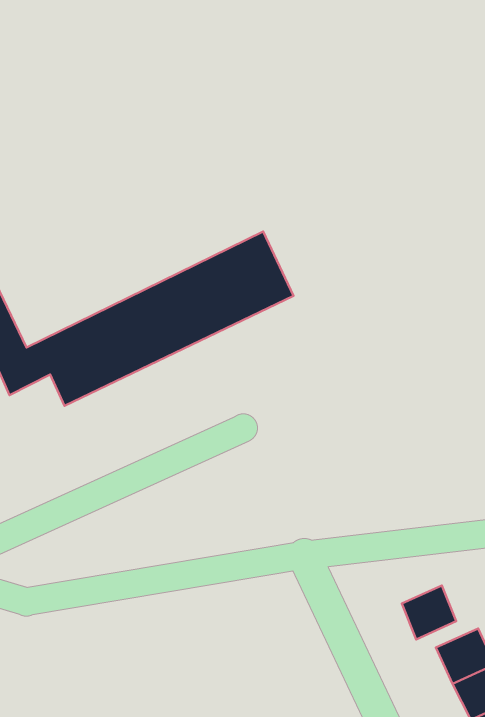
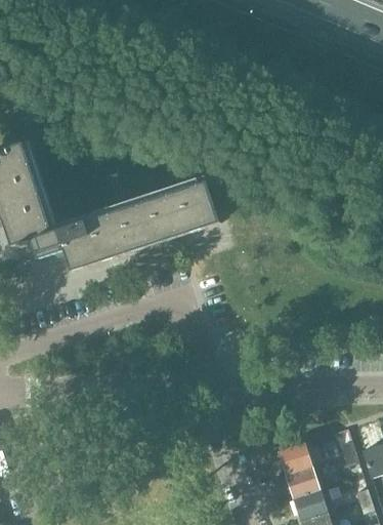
building: [402,585,456,639] -> none

